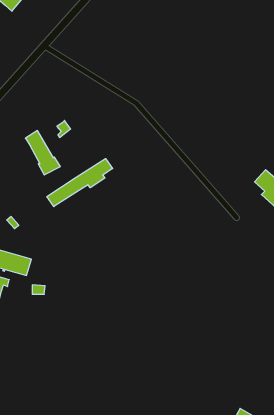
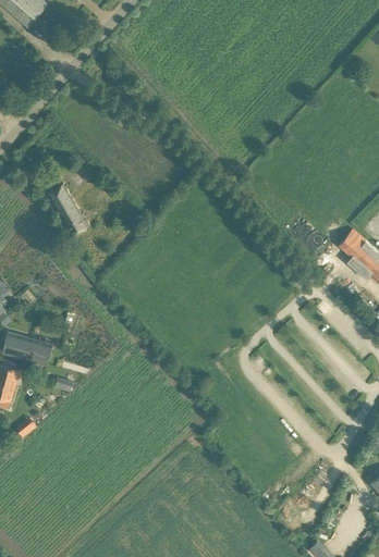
building: [47,159,113,207] -> none

